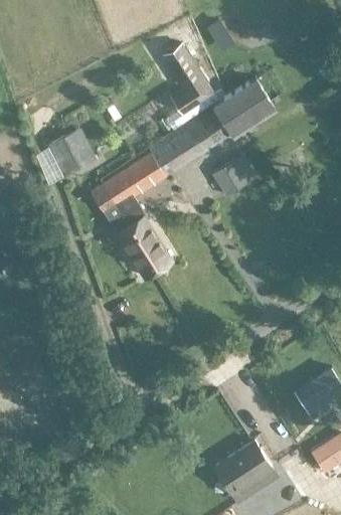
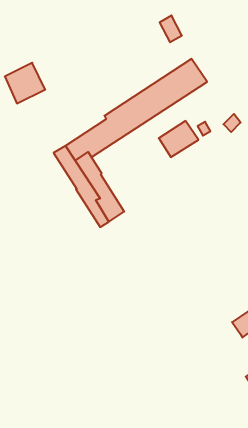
building: [161,43,217,116] -> none
building: [47,129,95,176] -> [5,63,45,103]
building: [215,442,273,494] -> none

